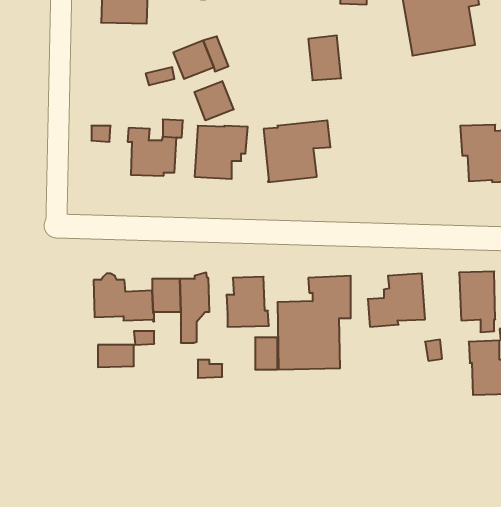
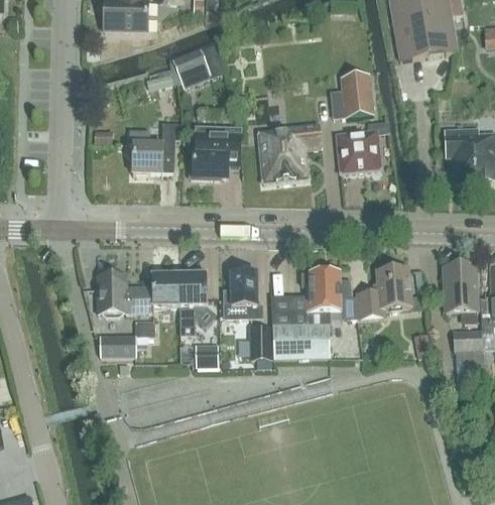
building: [308,36,341,80] -> [341,73,372,115]
building: [194,81,234,120] -> none
building: none -> [336,128,380,172]

